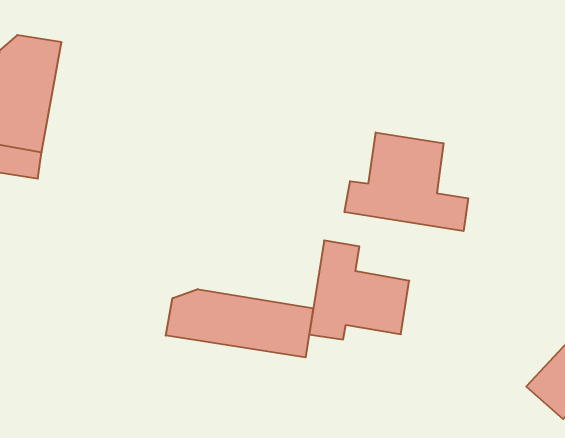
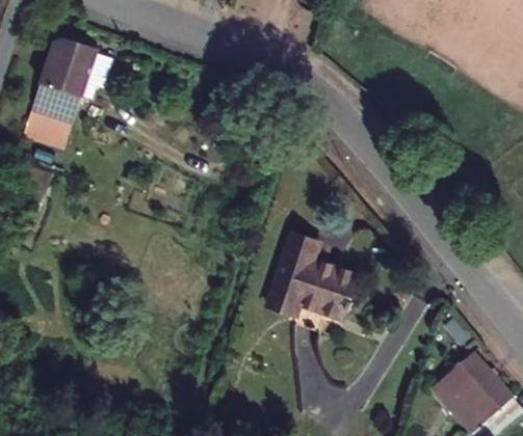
building: [345,132,468,231] -> none
building: [166,289,313,357] -> none

